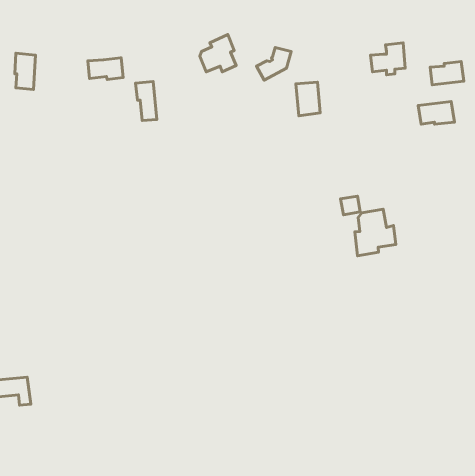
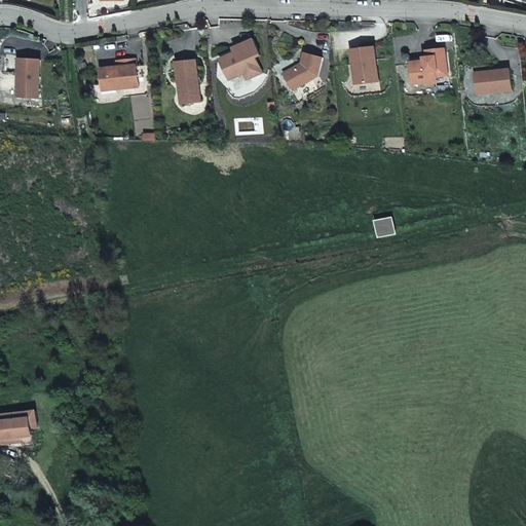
building: [135,81,157,121] -> [174,60,197,103]
building: [296,82,320,116] -> [349,46,376,83]
building: [418,102,454,124] -> none
building: [355,209,396,256] -> none

